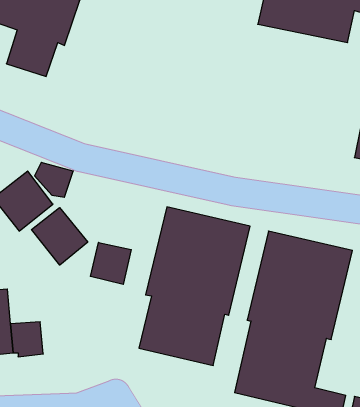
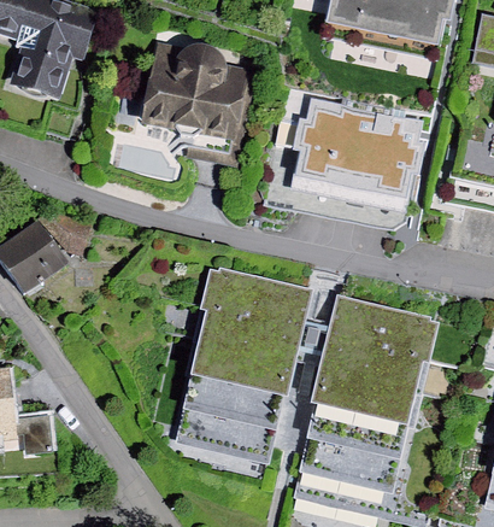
building: none -> [141,41,257,163]
building: none -> [294,96,427,197]
building: [32,208,88,265] -> none
building: [90,242,131,284] -> none

